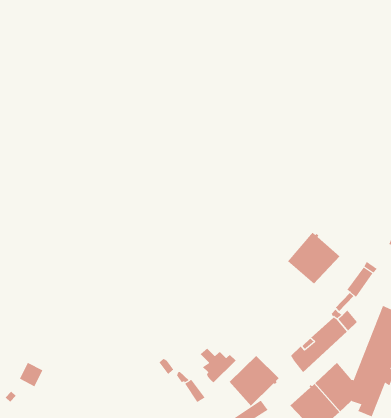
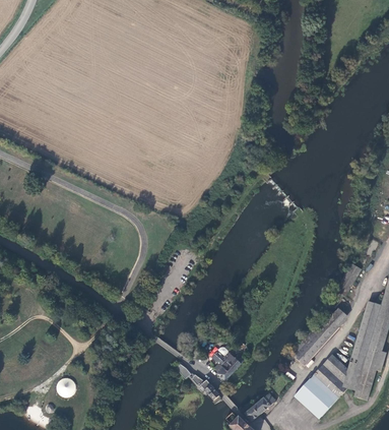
building: [287,232,341,285] -> none
building: [229,355,279,407] -> none

